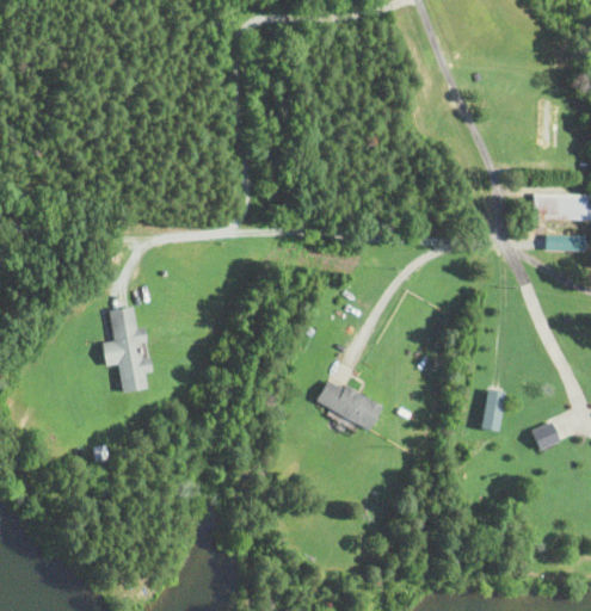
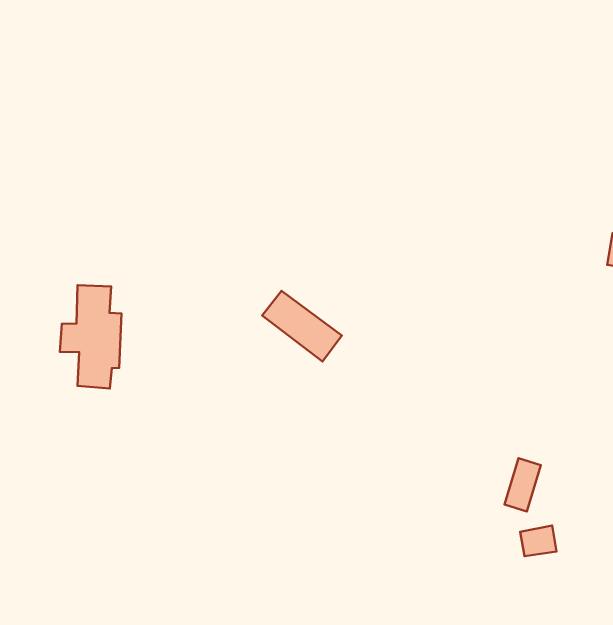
building: [316,379,383,431] -> [262,291,342,362]
building: [530,421,562,450] -> [520,526,557,556]

